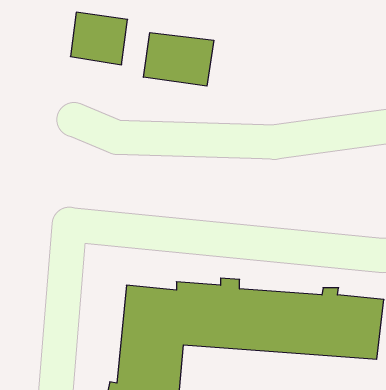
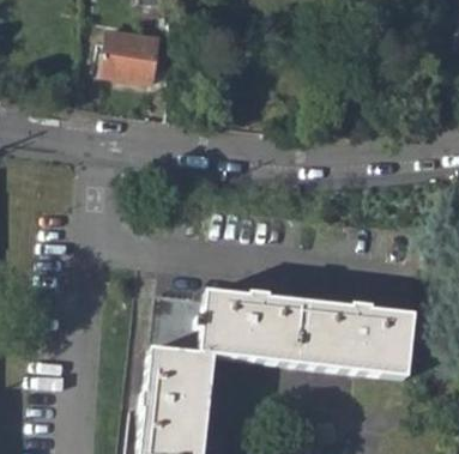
building: [143,33,214,86] -> none

